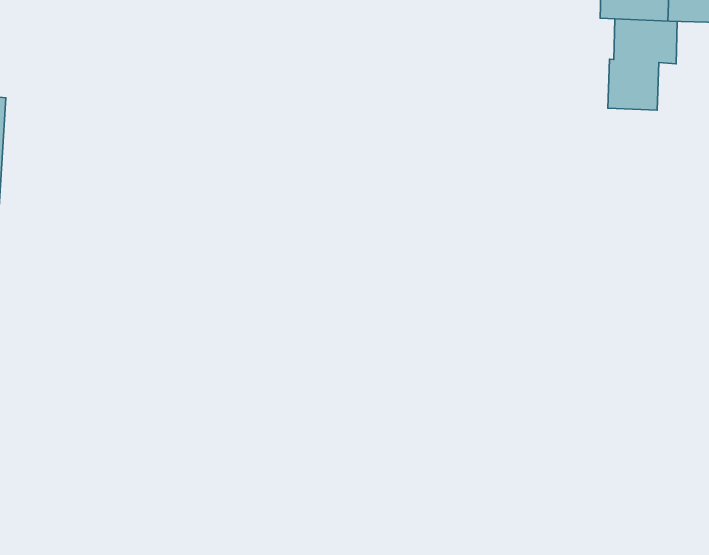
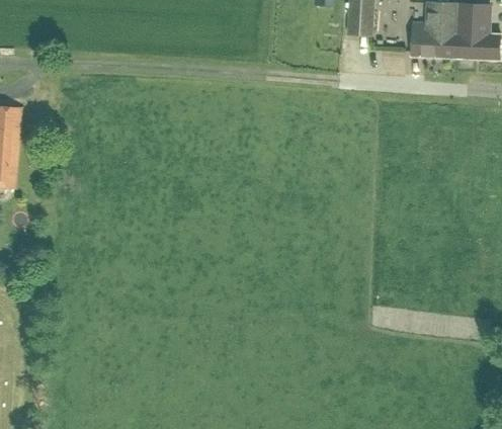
building: [608,19,677,110] -> none

